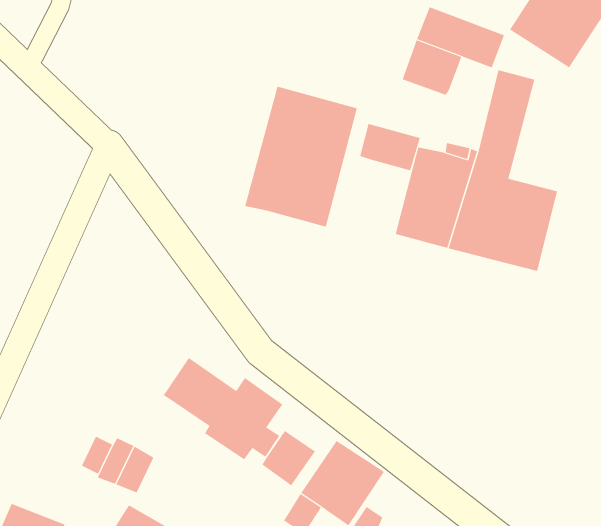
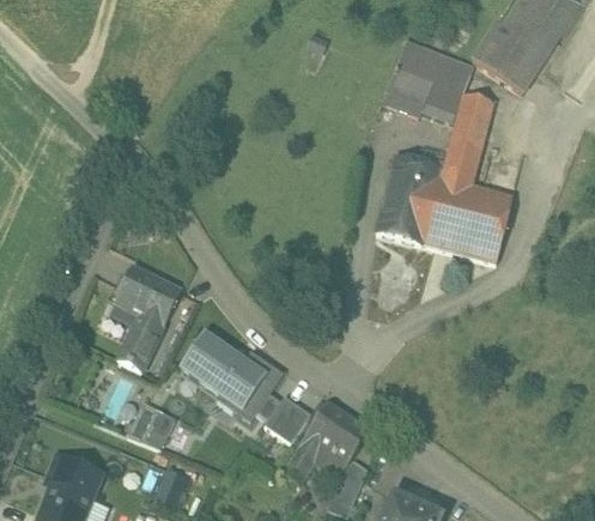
building: none -> [423,83,459,121]
building: [244,86,358,227] -> none
building: [359,123,420,171] -> none
building: none -> [116,268,181,371]

